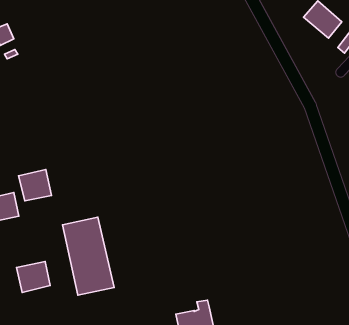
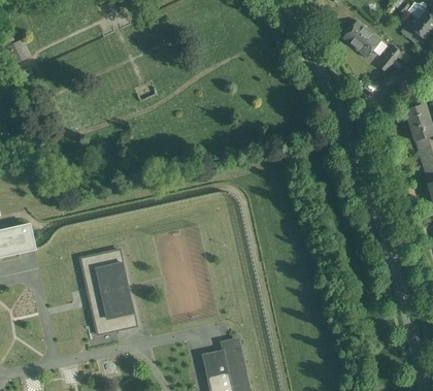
building: [19,170,51,201] -> none
building: [16,261,50,292] -> none

